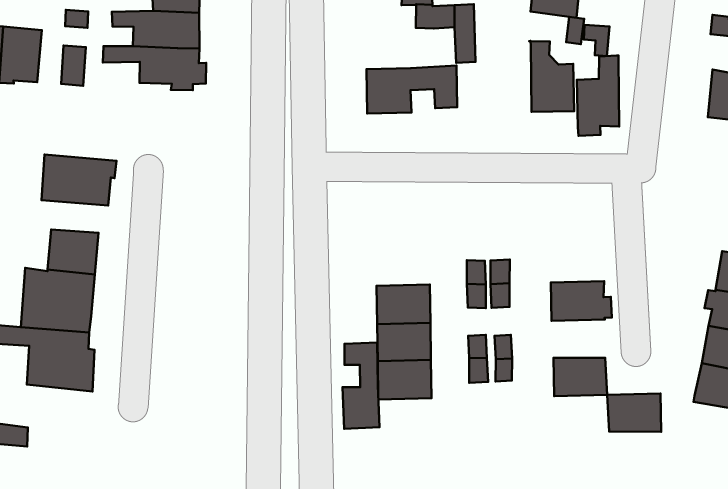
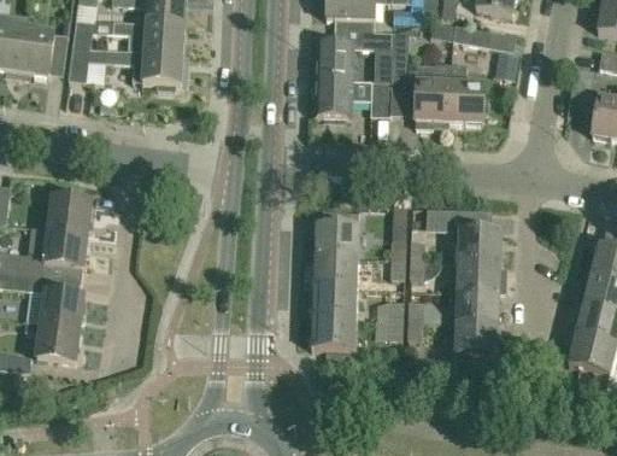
building: none -> [317,42,353,81]
building: [577,55,619,136] -> [416,64,452,128]
building: [42,154,117,205] -> none
building: none -> [443,209,503,263]
building: none -> [316,224,360,258]
building: [343,342,379,429] -> none
building: none -> [24,322,80,363]
building: [607,393,661,432] -> [457,293,500,326]

